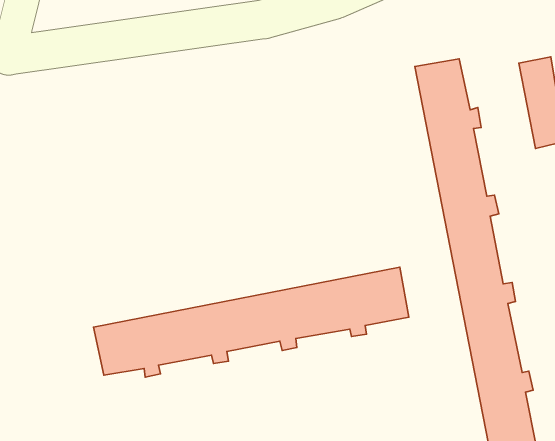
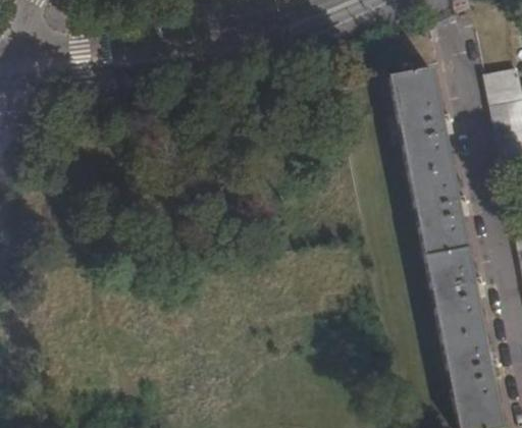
building: [94,267,409,377] -> none

